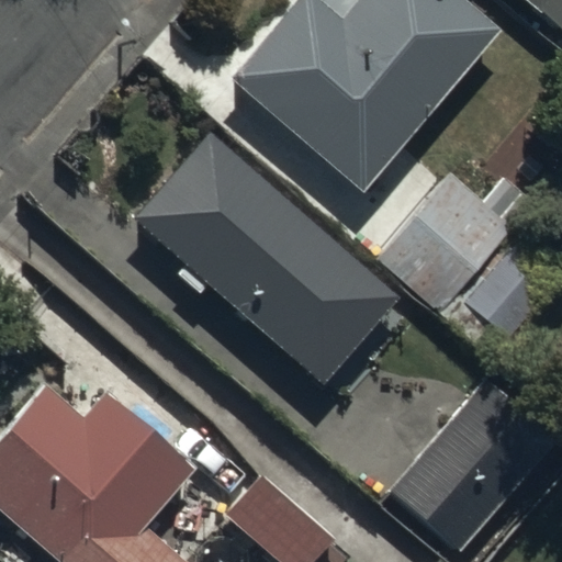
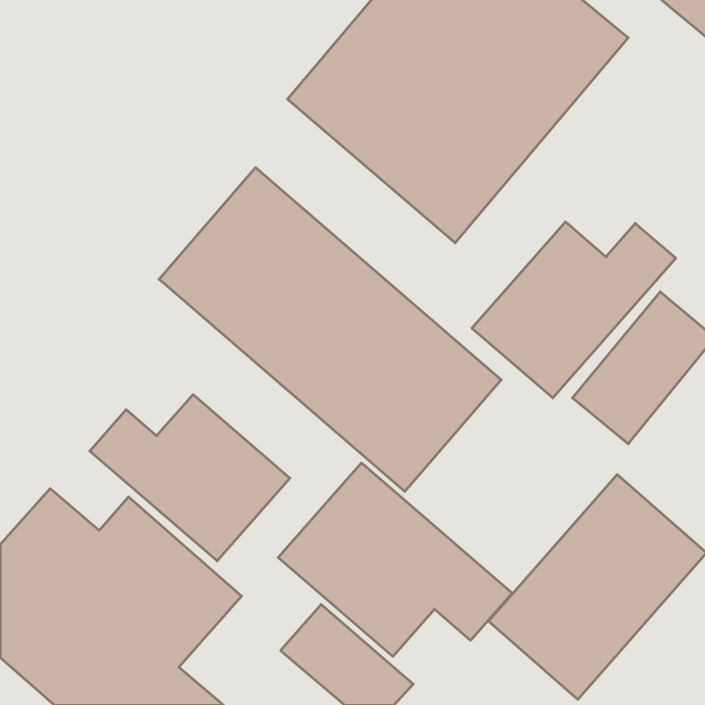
building: none -> [90,395,290,561]
building: none -> [278,463,512,656]

